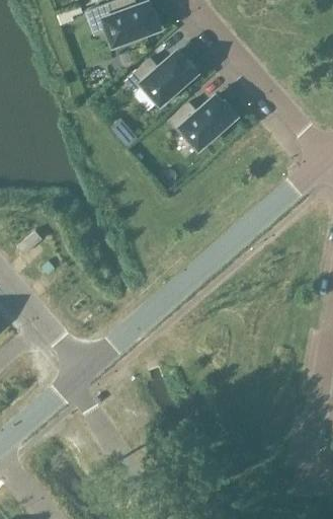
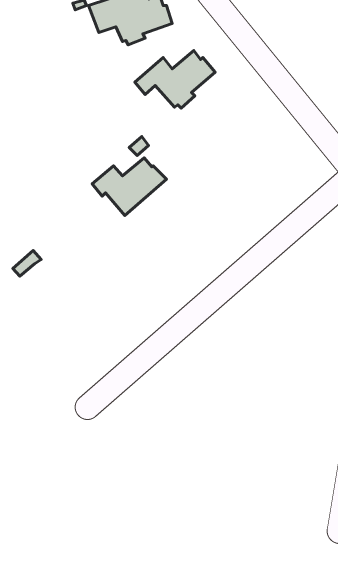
building: [170,96,237,148] -> [92,158,167,215]

